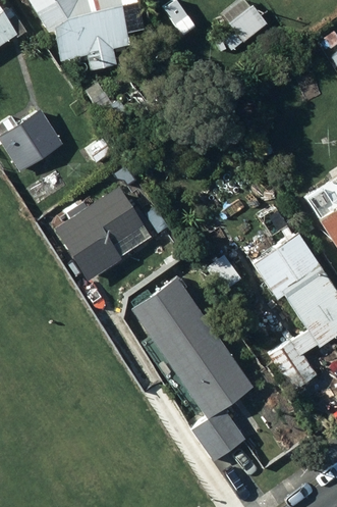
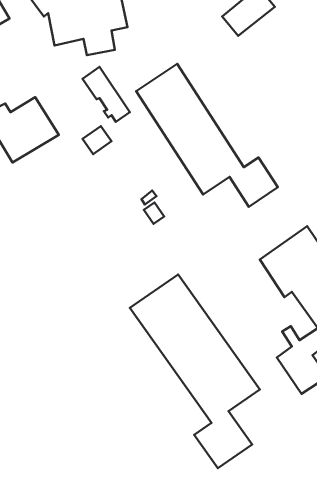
building: none -> [136,64,278,207]
building: [53,185,152,316] -> none

